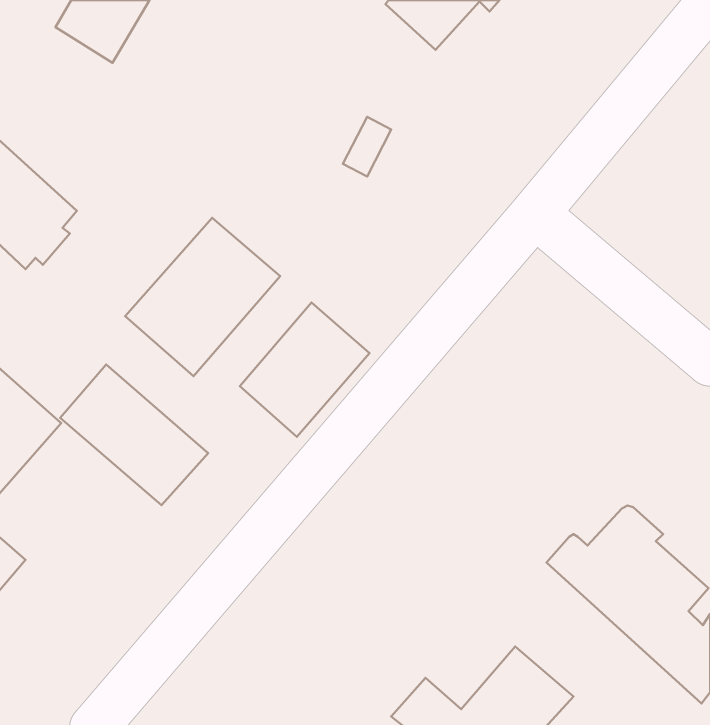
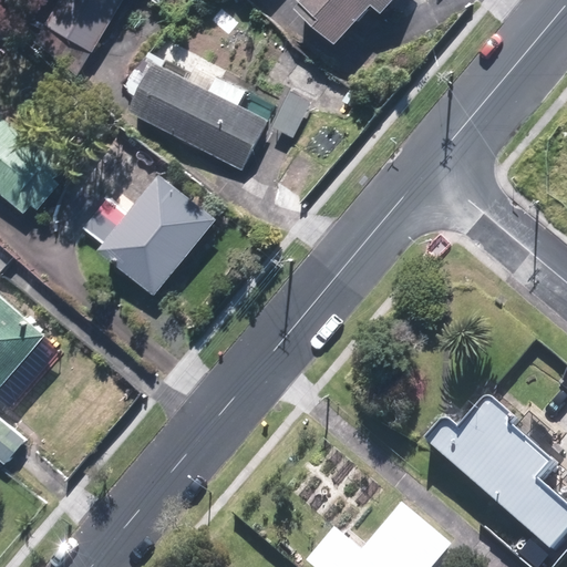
building: none -> [127,59,264,169]
building: [240,303,370,437] -> none
building: [60,365,208,505] -> none

